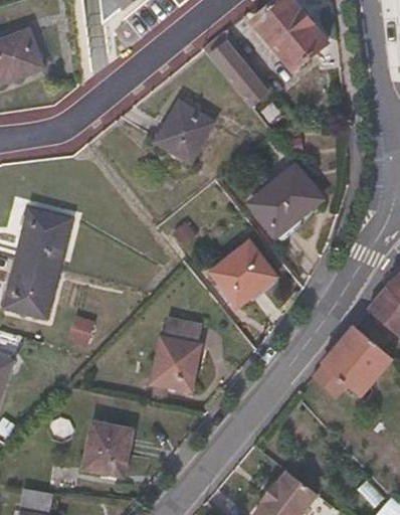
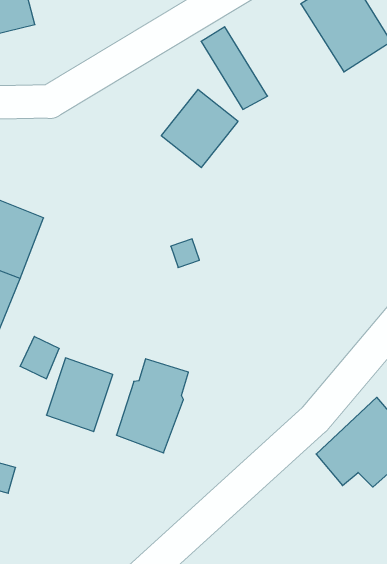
building: [210,42,268,106] -> [201,27,268,109]
building: [249,166,321,236] -> none
building: [210,242,275,307] -> none
building: [83,421,132,477] -> [46,358,113,432]

